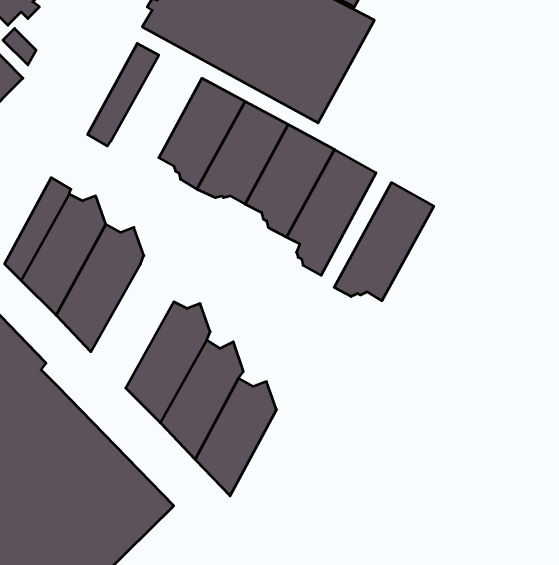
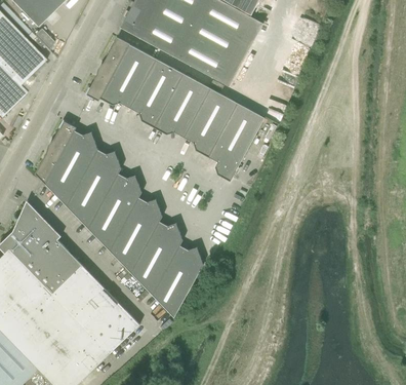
building: none -> [100,44,157,108]
building: [334,183,434,301] -> none
building: none -> [88,174,141,251]

